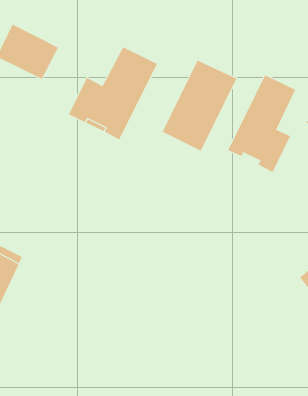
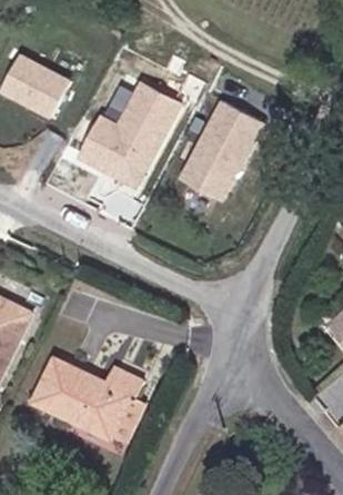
building: [227,74,296,173] -> none
building: none -> [32,357,142,437]

